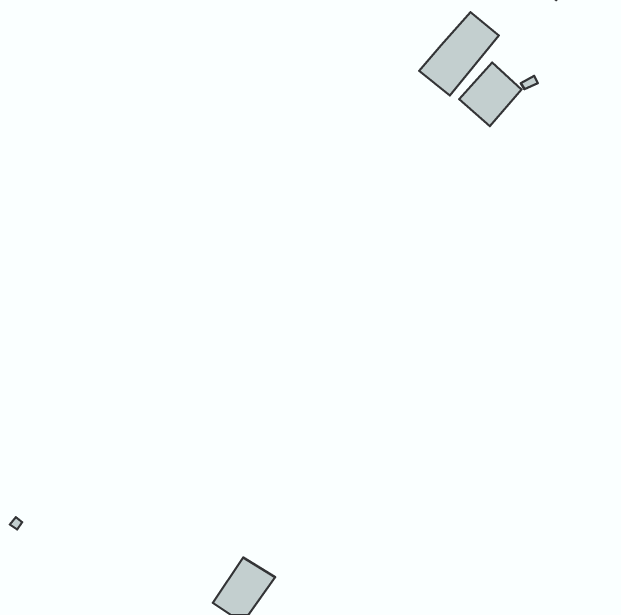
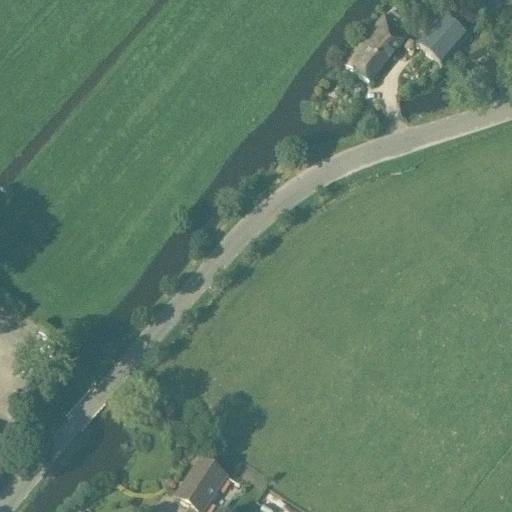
building: [459,62,522,126] -> [419,10,470,62]

